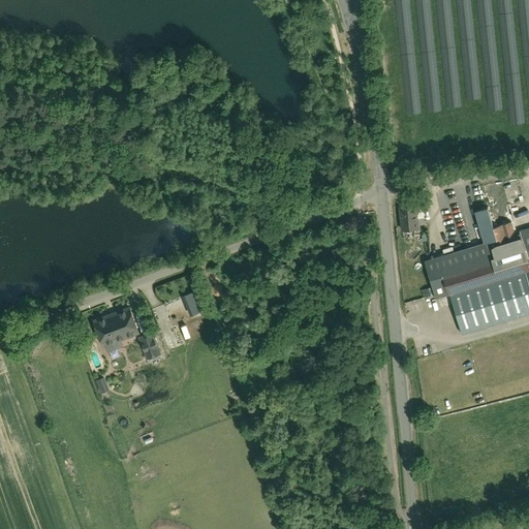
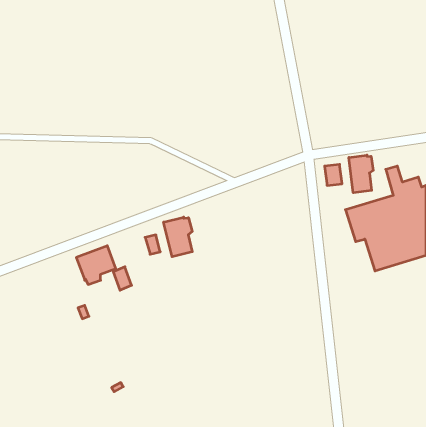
building: none -> [349,155,373,193]
building: none -> [164,217,192,257]

